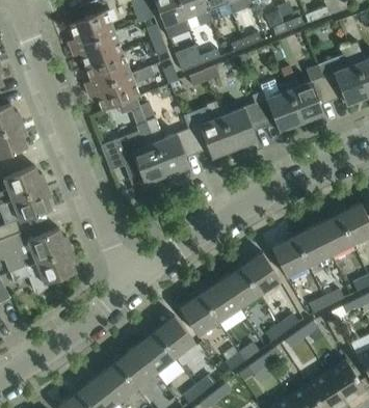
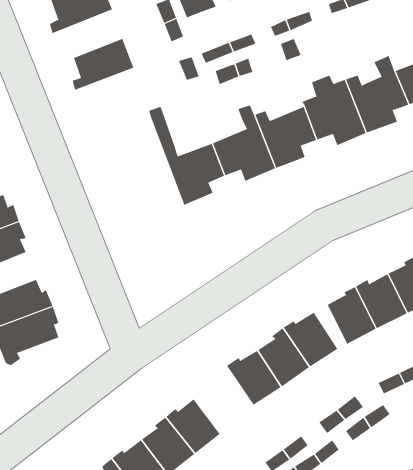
building: [71,32,123,67] -> none
building: [87,75,139,110] -> none
building: [102,110,167,186] -> none
building: [180,293,218,336] -> none

